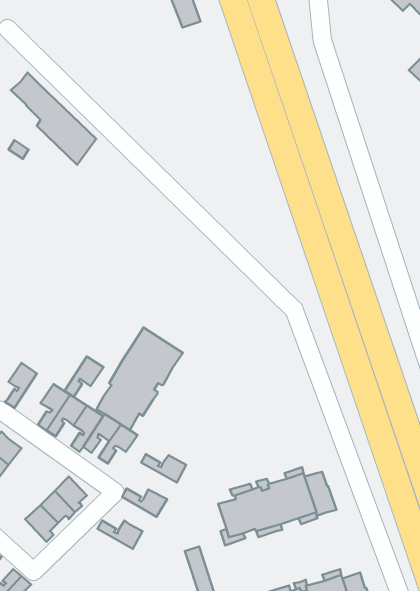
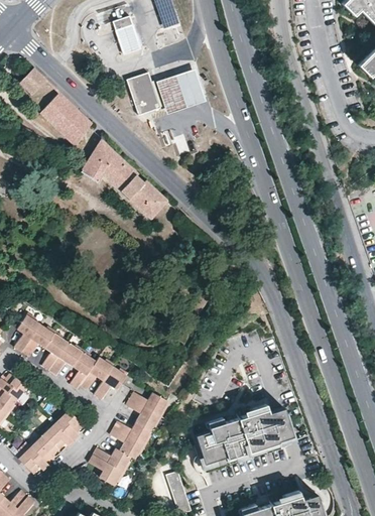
building: none -> [112,16,142,54]
building: none -> [157,68,208,114]
building: none -> [128,73,161,115]
building: none -> [82,138,167,218]
building: [97,328,183,430] -> none
building: [64,356,104,397] -> [22,322,55,357]
building: none -> [126,398,160,429]
building: none -> [110,427,143,459]
building: none -> [19,446,49,475]
building: none -> [89,455,123,486]

